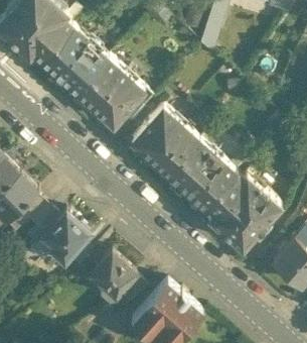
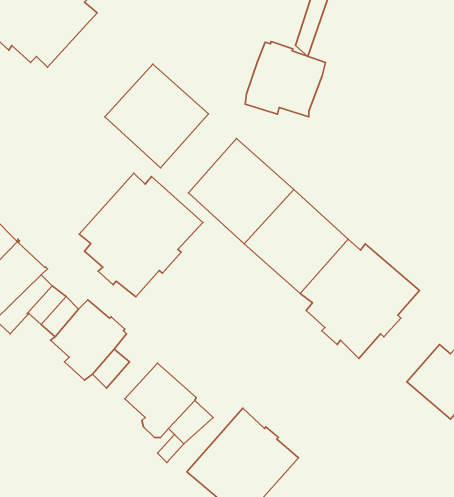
building: [39,24,108,92] -> none
building: none -> [245,42,326,117]
building: none -> [79,173,203,297]

